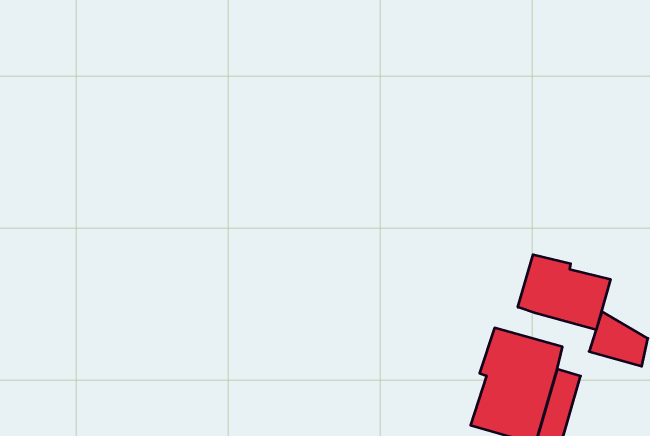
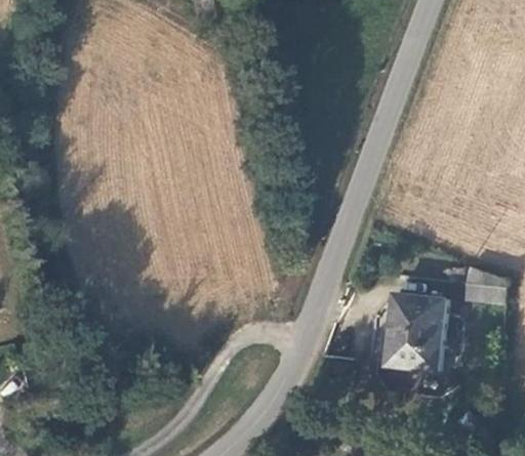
building: [518,255,610,330] -> none

